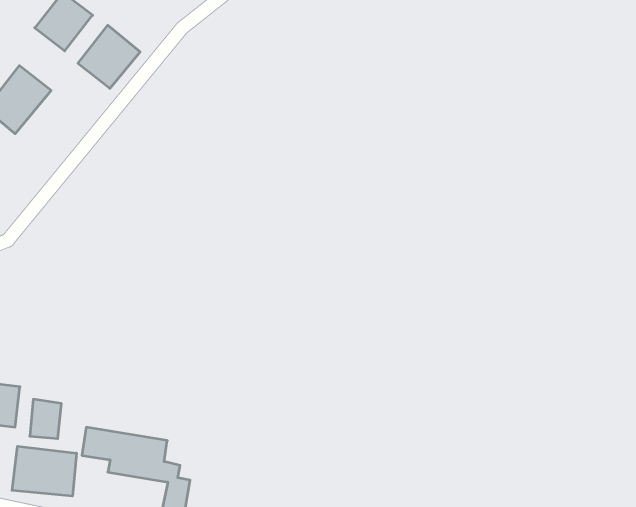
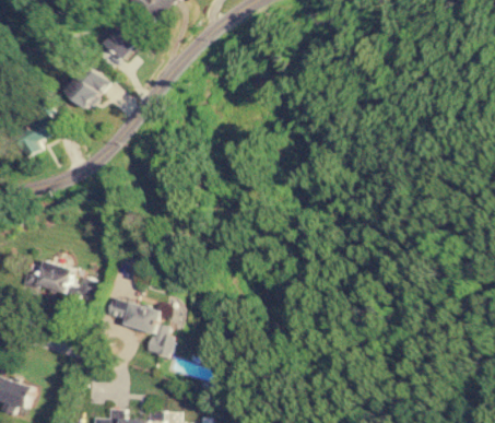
building: [78,25,140,88] -> none
building: [12,446,76,496] -> none

